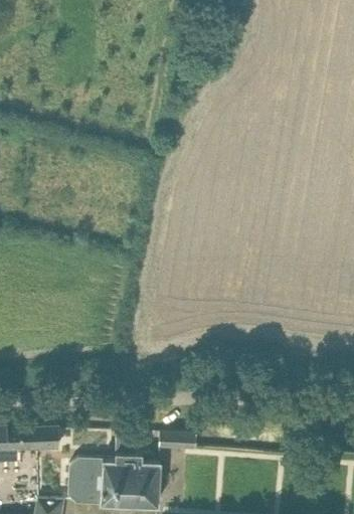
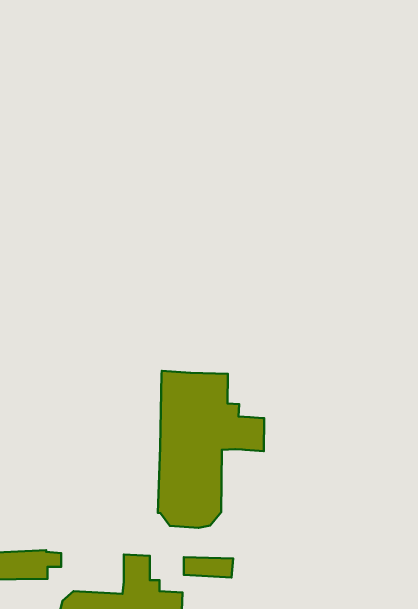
building: none -> [158,371,264,528]

